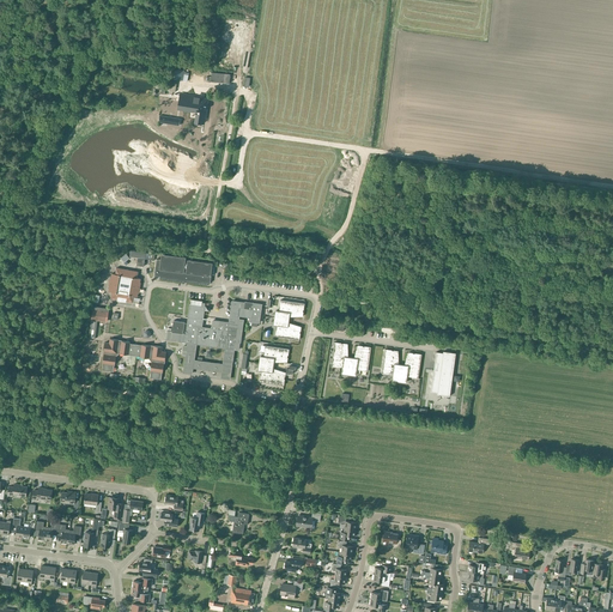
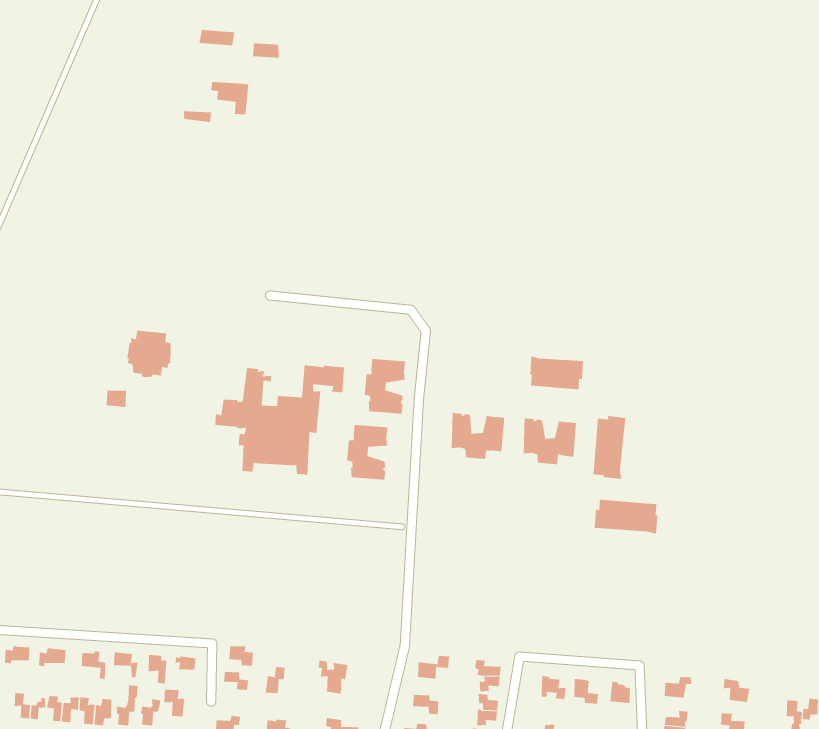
building: [153,254,211,285] -> none
building: none -> [530,356,583,390]
building: [101,339,165,380] -> none
building: none -> [594,499,658,535]

